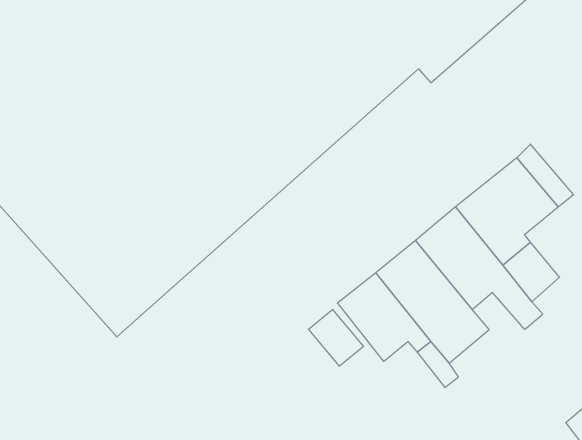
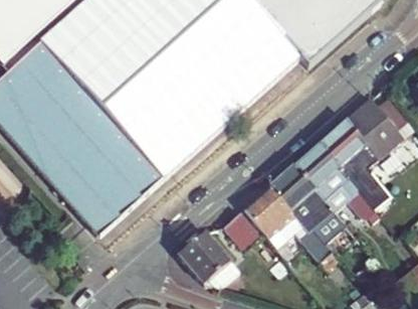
building: none -> [180,233,235,288]

